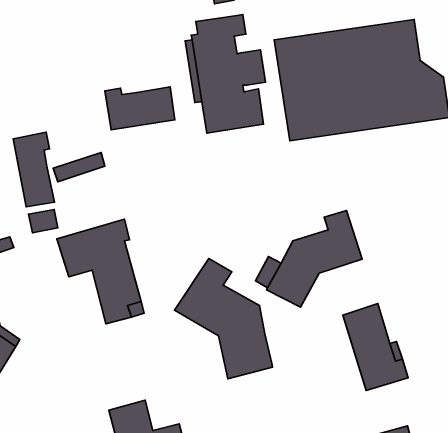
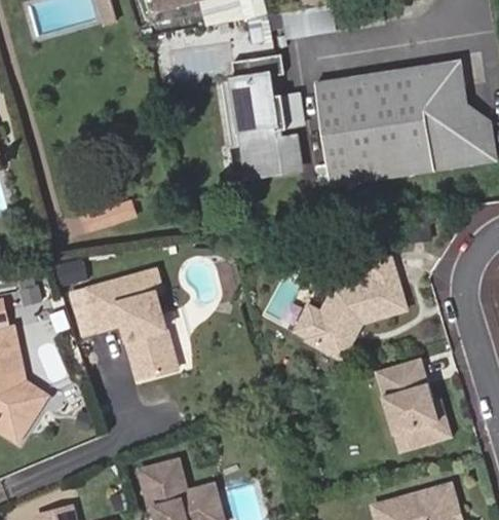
building: [105,87,175,130] -> none
building: [13,132,54,207] -> none
building: [175,259,273,379] -> none

